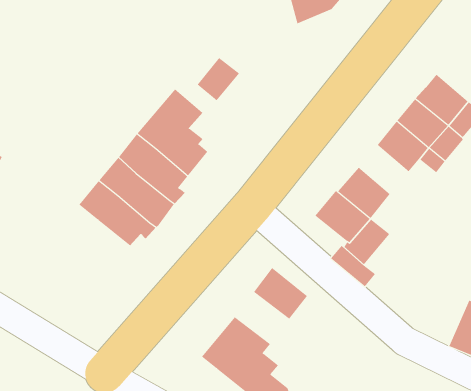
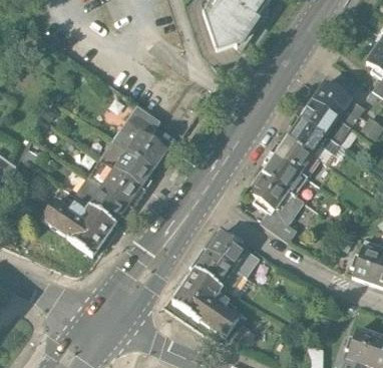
building: [197,57,240,101] -> none
building: none -> [276,134,313,169]
building: none -> [42,201,114,256]
building: none -> [189,246,243,292]

